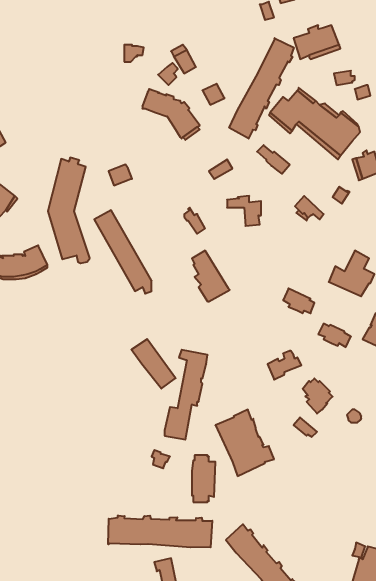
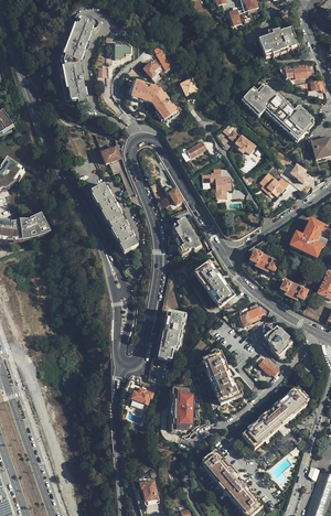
building: [229,38,294,139] -> none
building: [48,158,90,263] -> [61,14,96,104]
building: [131,339,176,389] -> [195,261,233,303]
building: none -> [242,386,307,447]
building: [108,515,212,547] -> none

